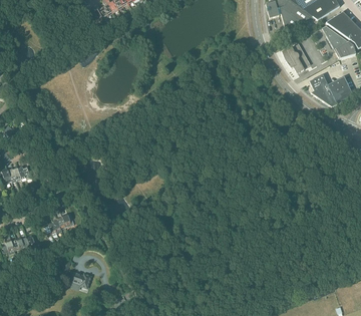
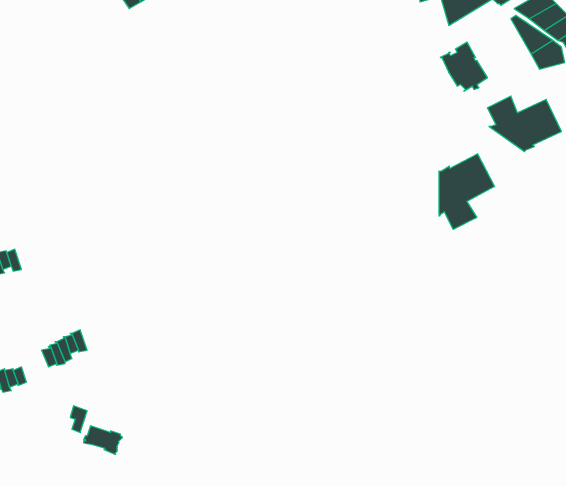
building: none -> [439,154,495,229]

